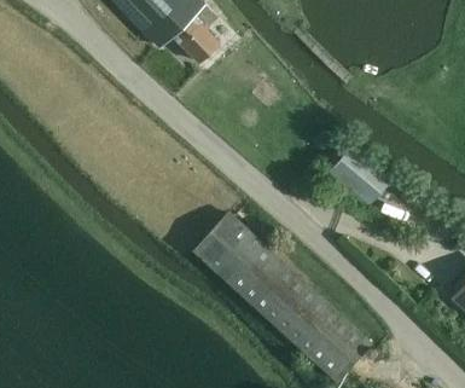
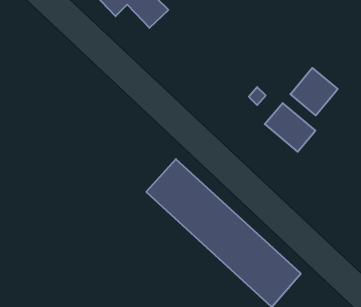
building: none -> [290,68,338,115]

